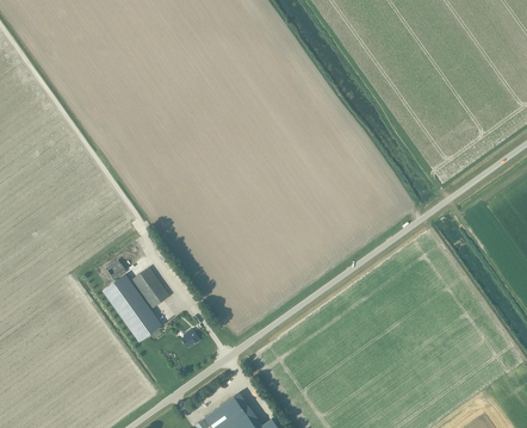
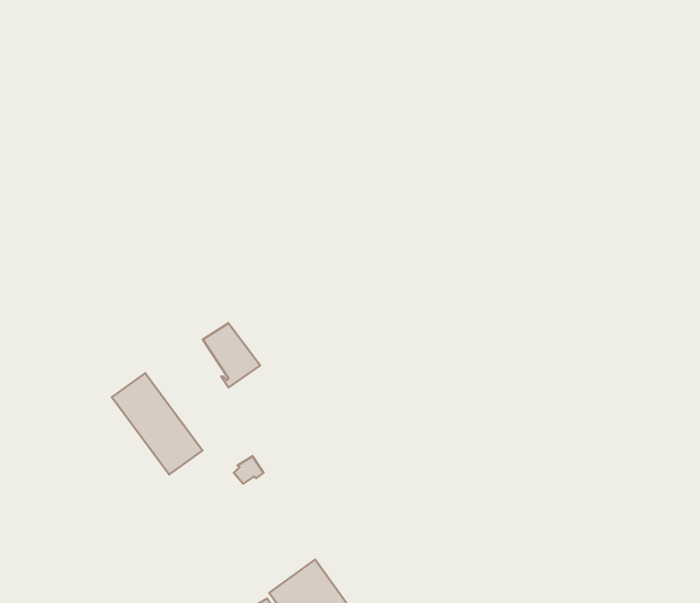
building: [134,268,170,310] -> [203,323,260,388]

